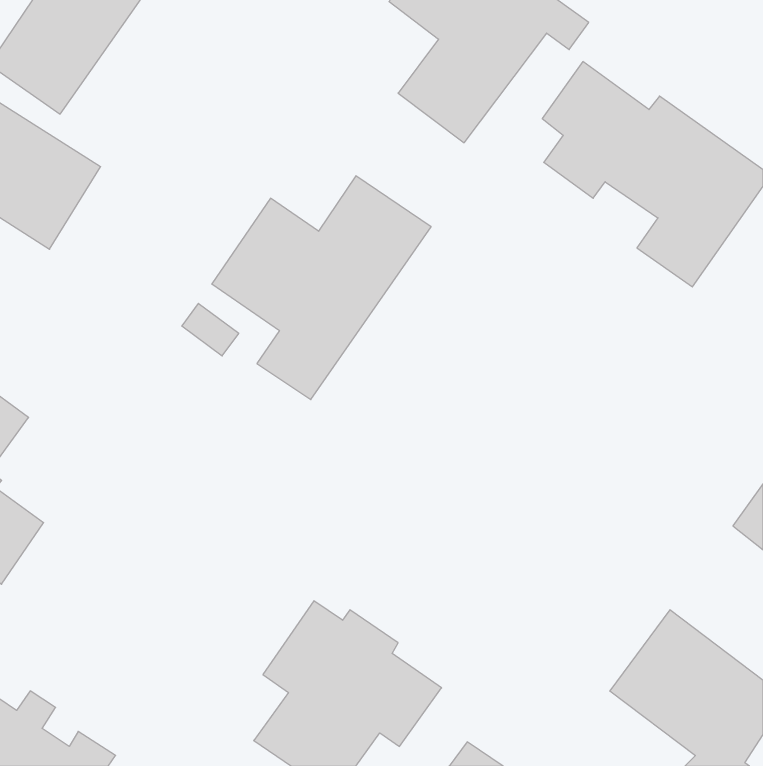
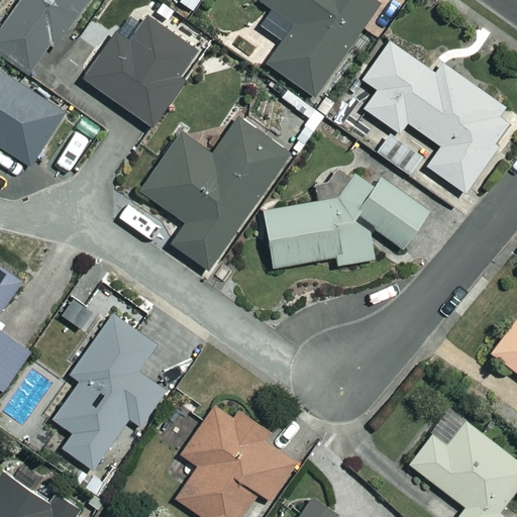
building: none -> [85,15,201,124]
building: none -> [266,174,431,267]
building: none -> [47,311,164,470]

